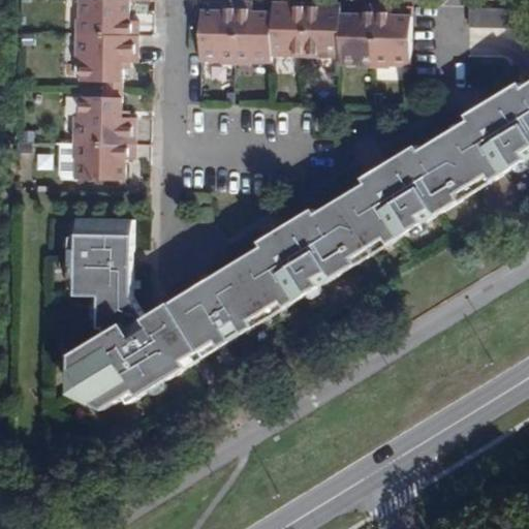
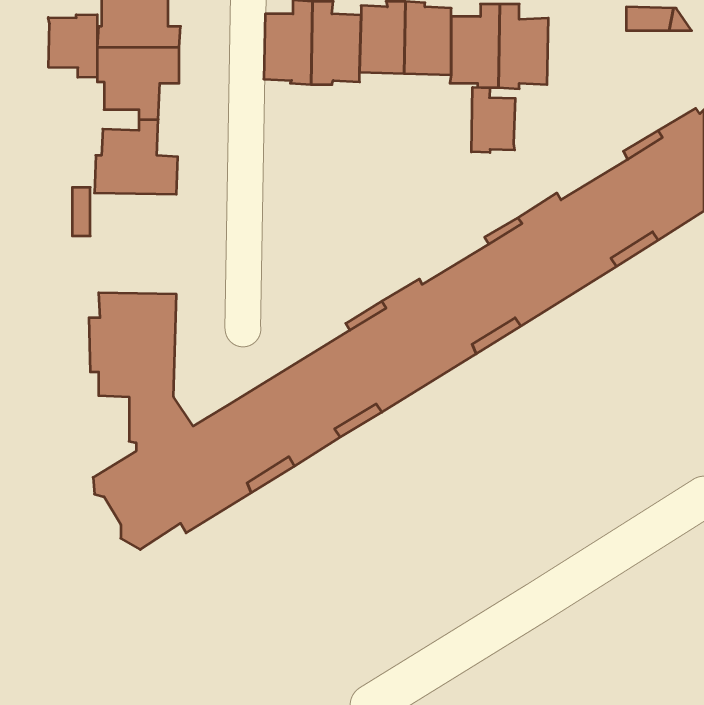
building: none -> [48,15,97,77]
building: none -> [471,87,515,153]
building: [69,144,131,180] -> none

